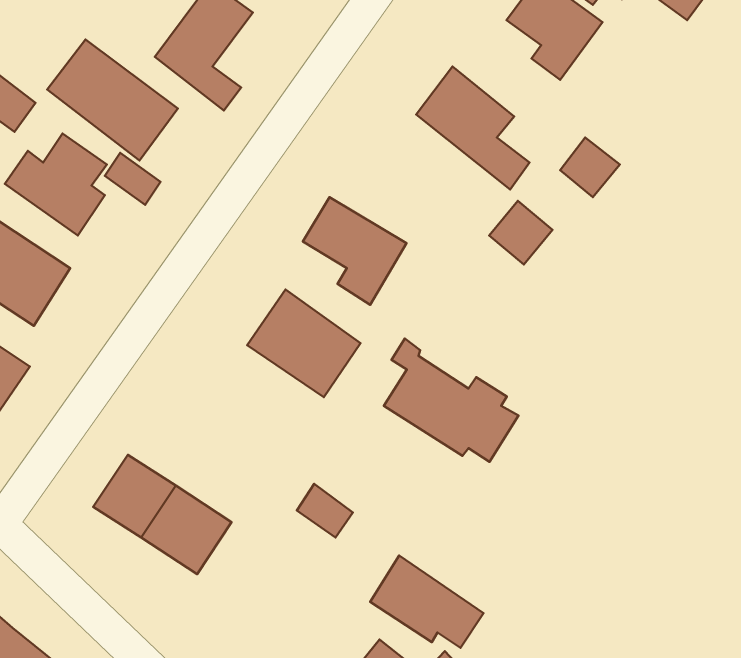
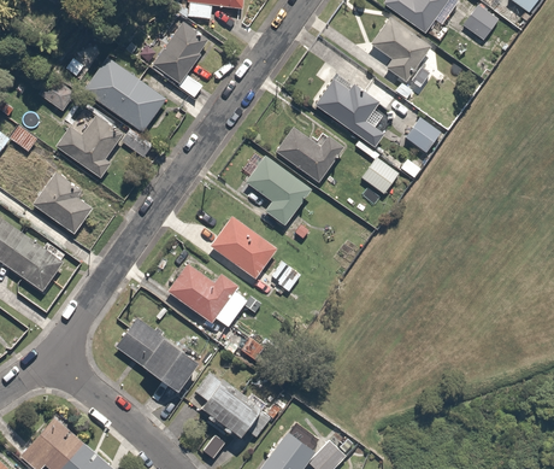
building: none -> [273,124,343,183]
building: [384,339,518,462] -> [164,251,248,328]
building: [370,556,484,648] -> [202,380,273,438]

